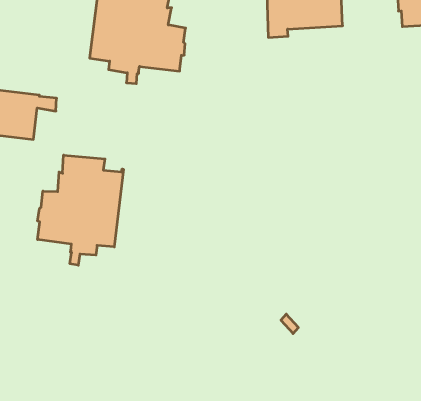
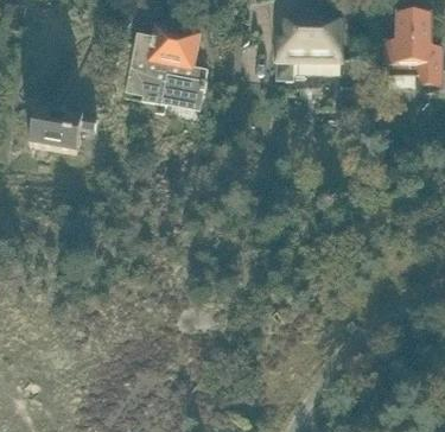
building: [38,155,123,265] -> none

